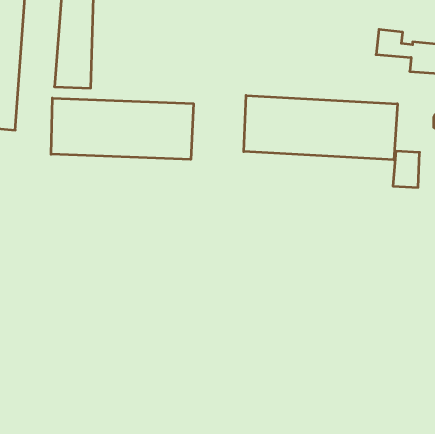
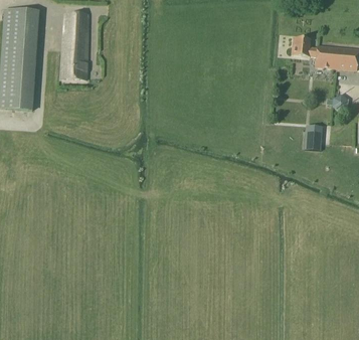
building: [244,95,397,160] -> none
building: [51,98,193,159] -> none

